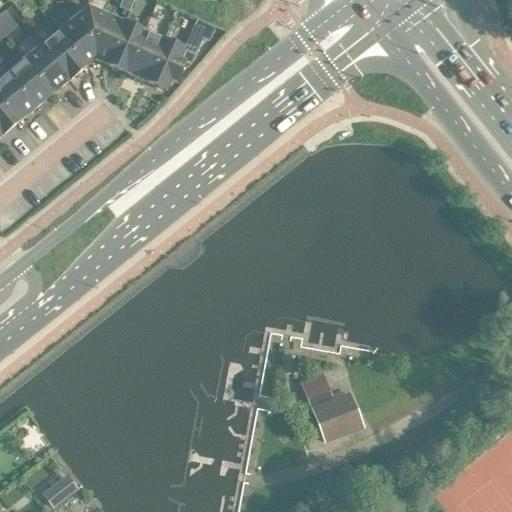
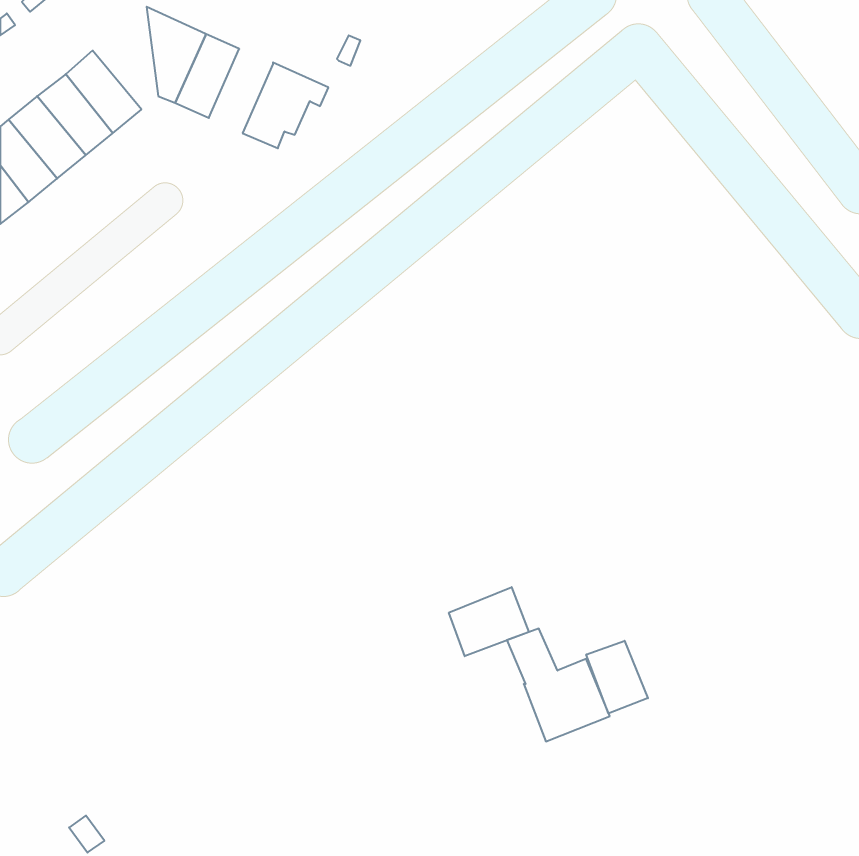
building: [56,4,95,65] -> none
building: [125,29,163,79] -> none
building: none -> [449,587,529,656]
building: none -> [586,641,648,713]

